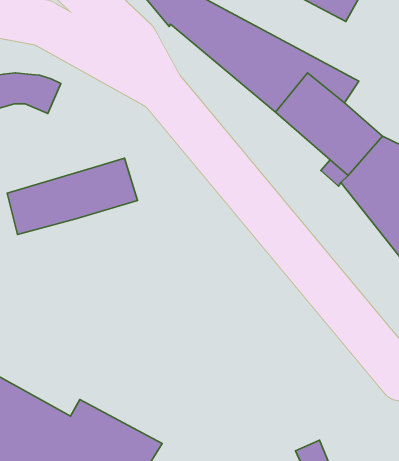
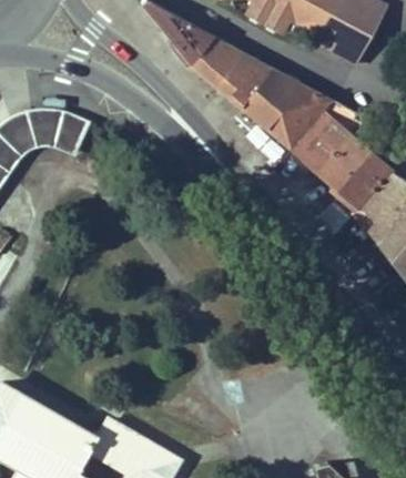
building: [7,158,137,235] -> none

